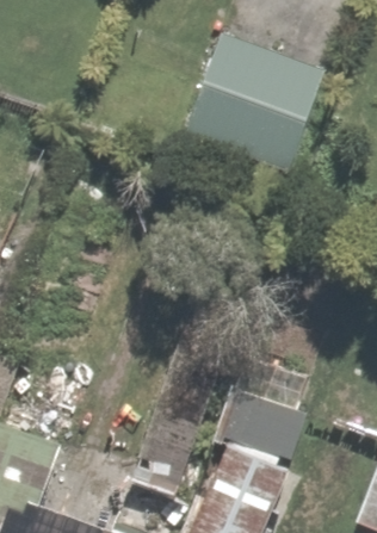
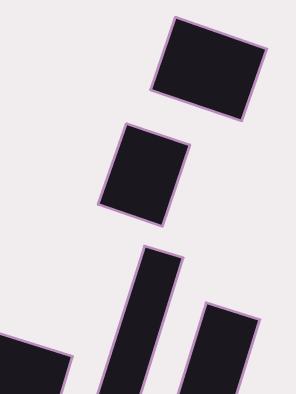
building: none -> [98,124,190,226]

